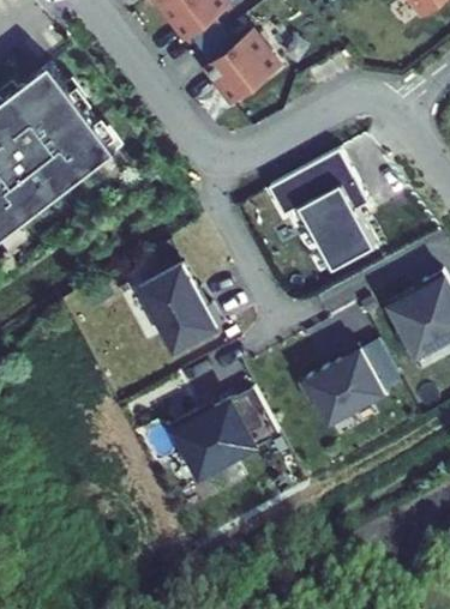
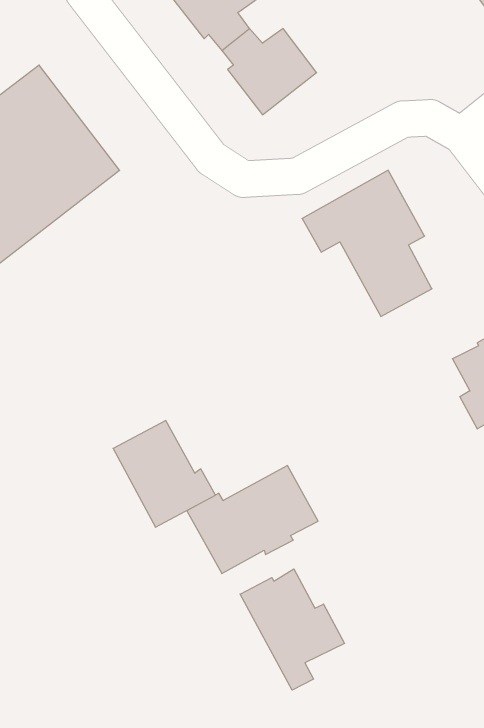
building: [138,264,222,351] -> [113,421,215,527]
building: [299,346,388,427] -> none
building: none -> [240,569,345,690]

